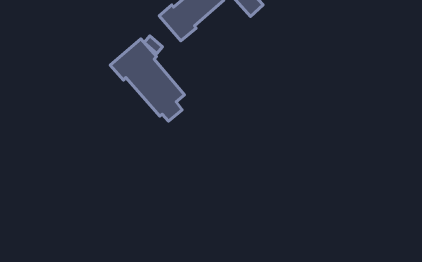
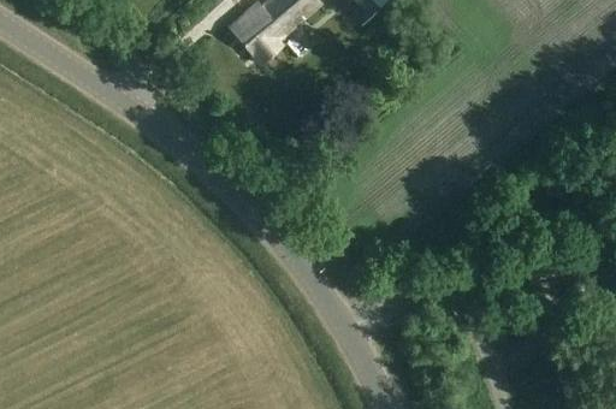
building: [110,39,184,121] -> none

